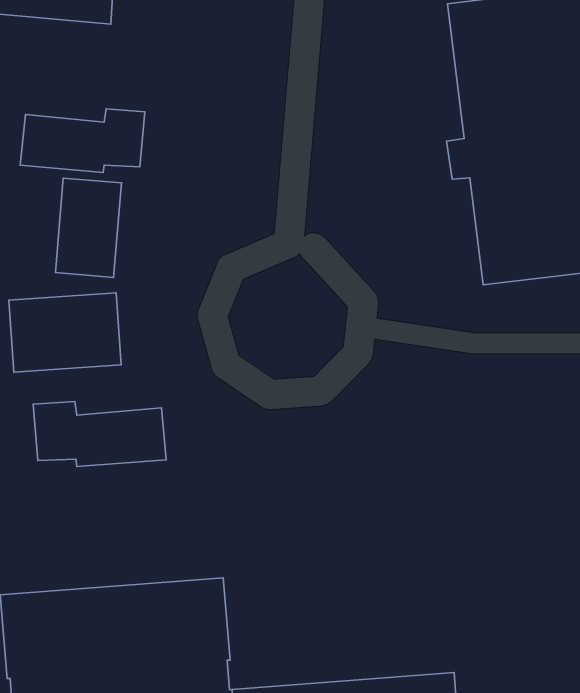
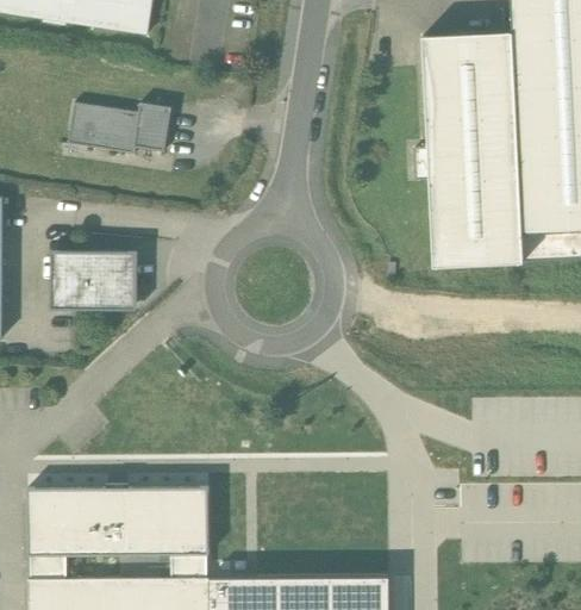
building: [55,178,121,277] -> none
building: [33,401,166,467] -> none

